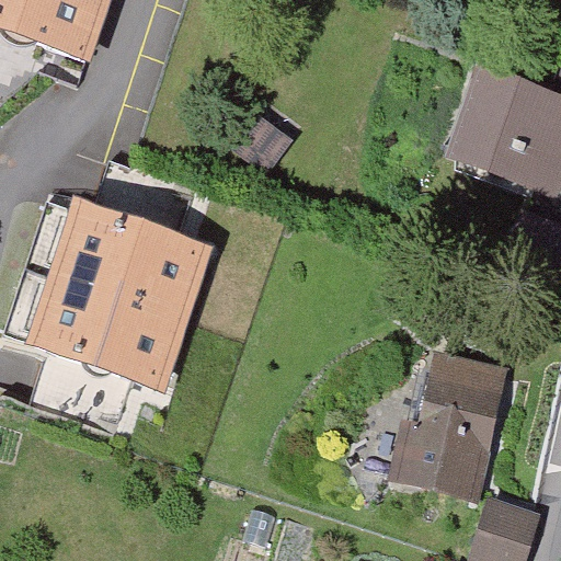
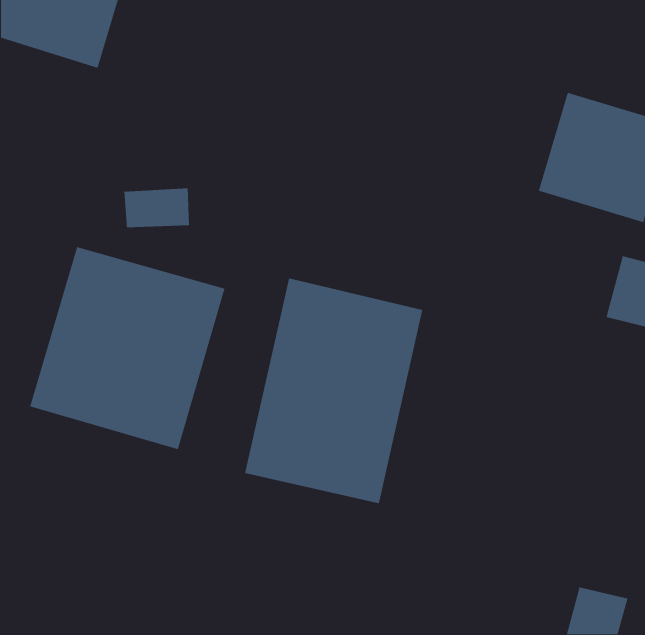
building: none -> [244,277,423,504]
building: [400,347,503,472] -> none

